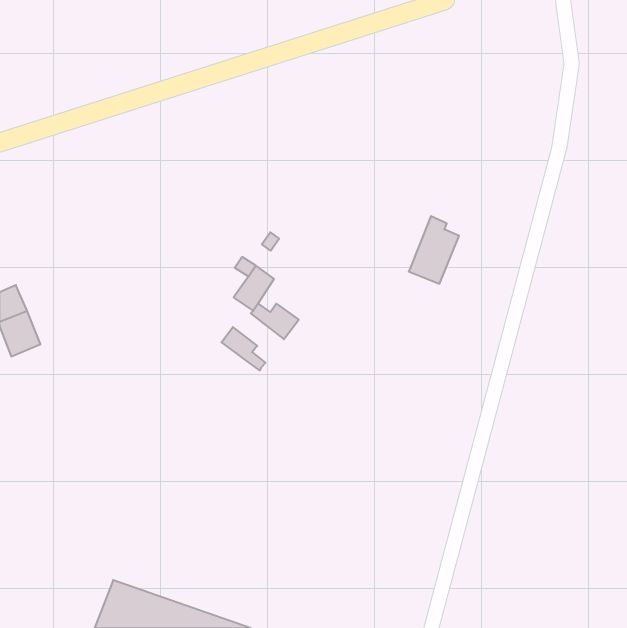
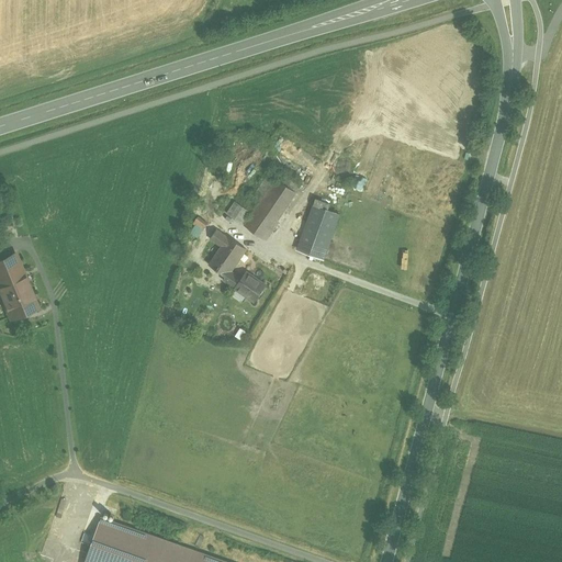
building: none -> [244,180,301,239]
building: [409,216,459,284] -> [295,200,340,260]
building: [221,327,265,370] -> none

